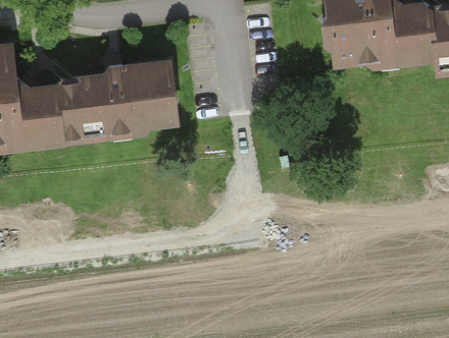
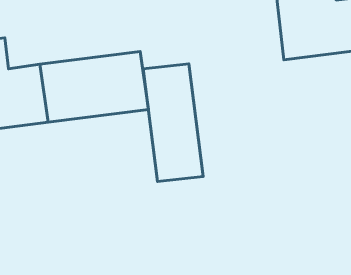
building: none -> [143,64,203,181]

